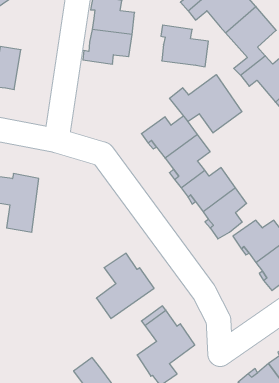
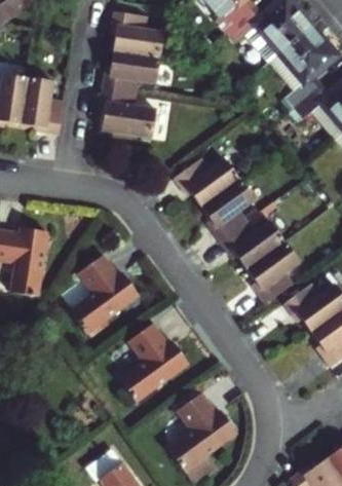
building: [161,25,208,67] -> [101,88,158,139]
building: none -> [20,76,65,137]
building: [170,75,242,133] -> none
building: none -> [69,254,140,334]

